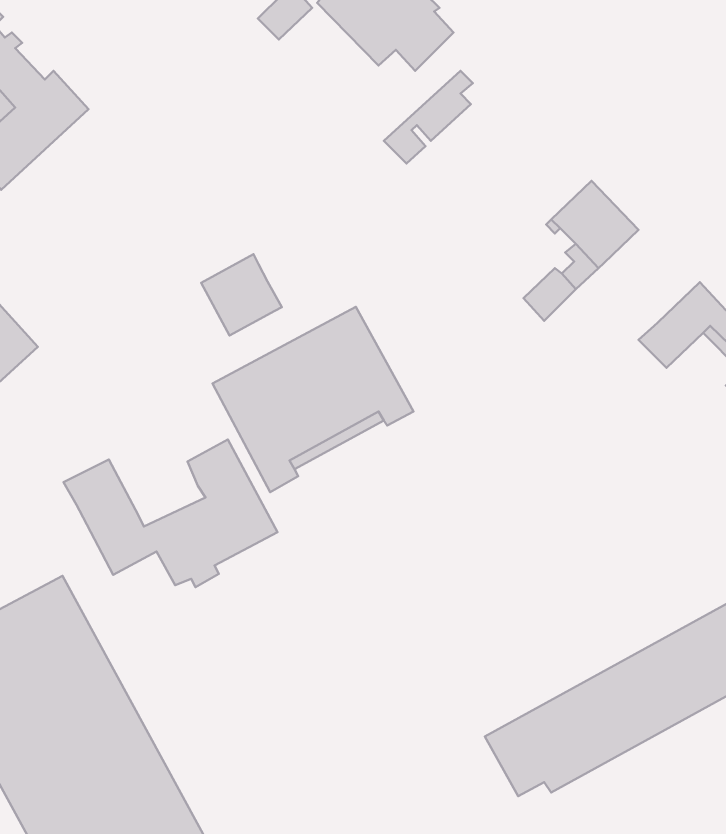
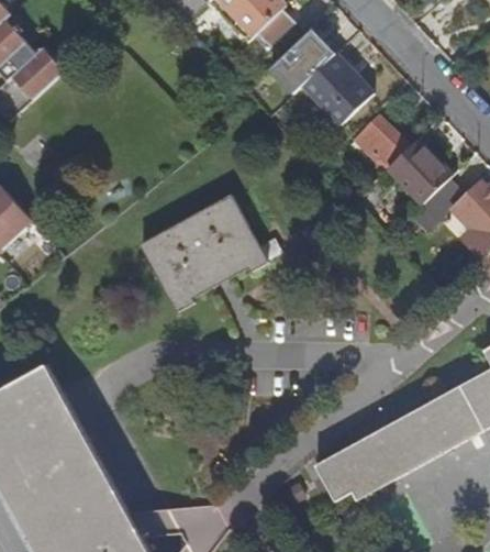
building: none -> [301,54,371,125]
building: none -> [387,140,450,205]
building: [201,254,282,336] -> none
building: [63,440,278,587] -> none

